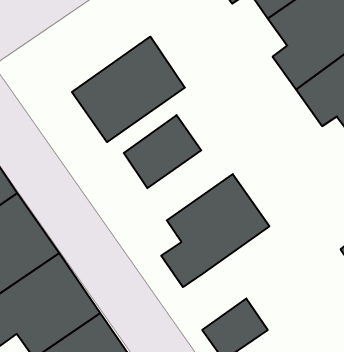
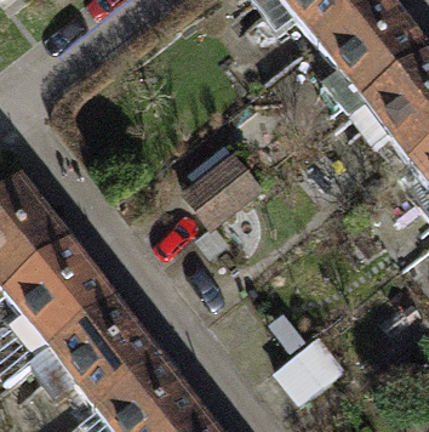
building: [72,37,185,142] -> none
building: [161,174,269,287] -> none

